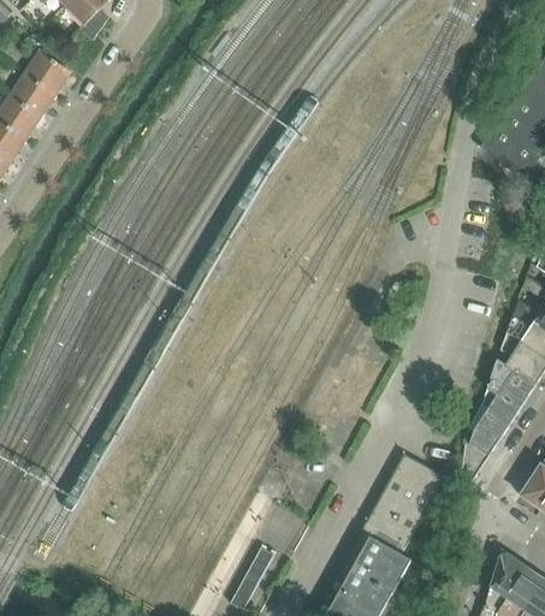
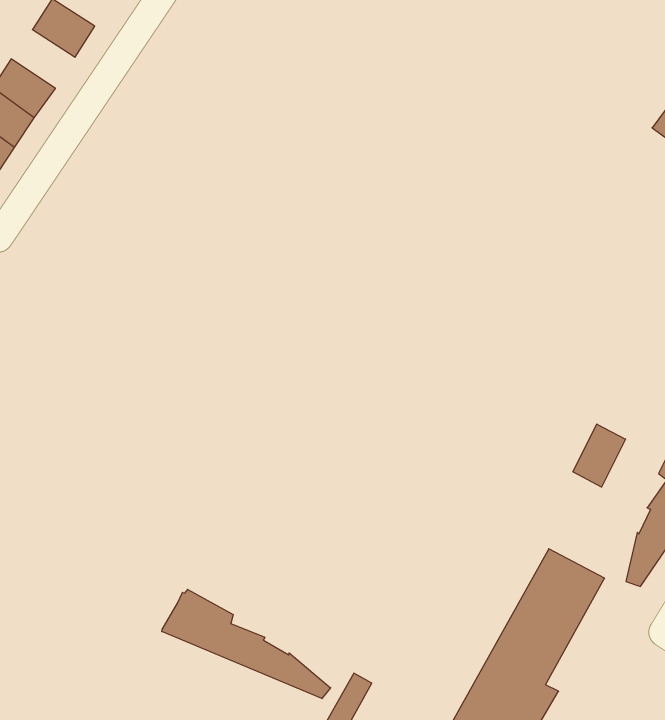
building: [10,73,57,117] -> none
building: none -> [573,424,626,487]
building: none -> [162,589,331,699]

